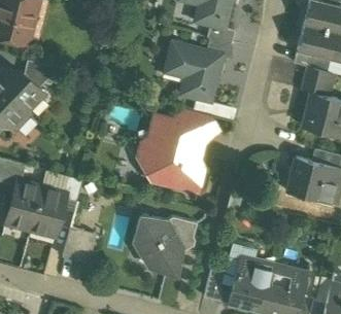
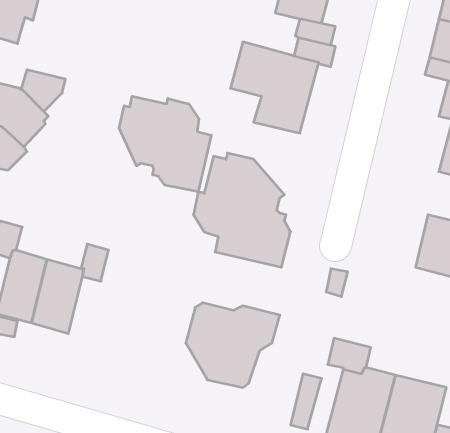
building: none -> [119,96,211,192]
building: [179,109,219,143] -> none
building: [63,226,96,264] -> none

